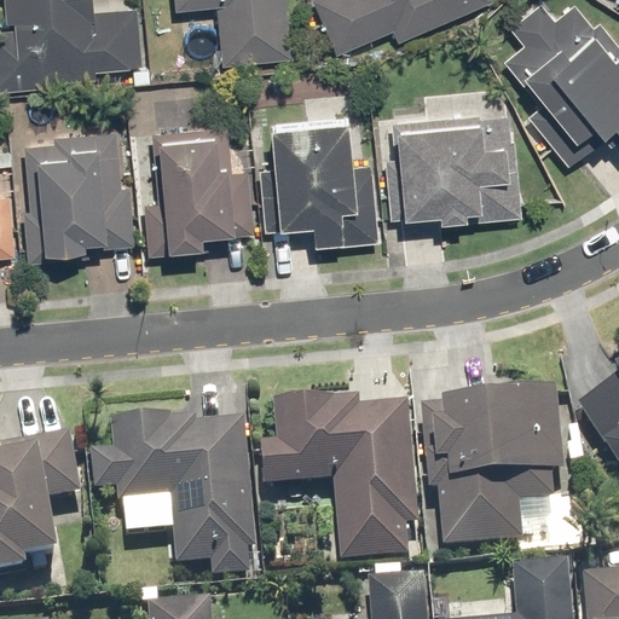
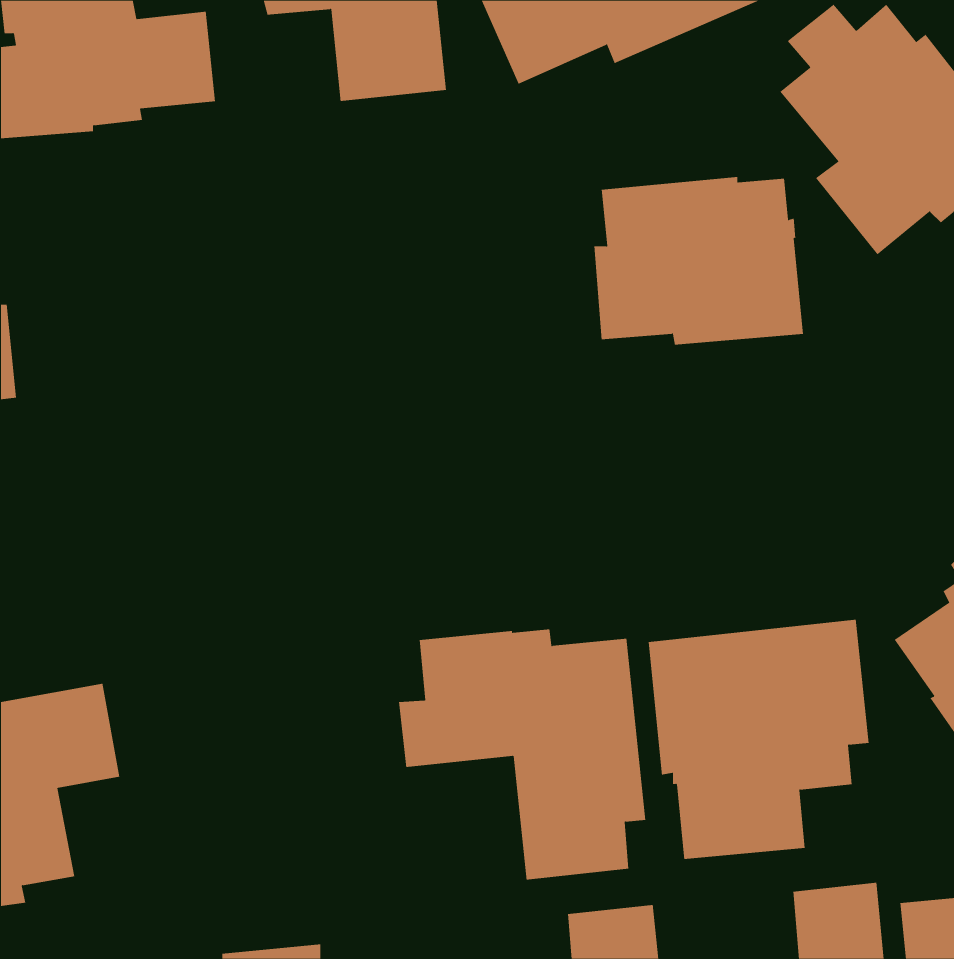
building: [260,122,378,245] -> none
building: [144,127,232,256] -> none
building: [24,132,134,262] -> none
building: [89,423,258,583] -> none

